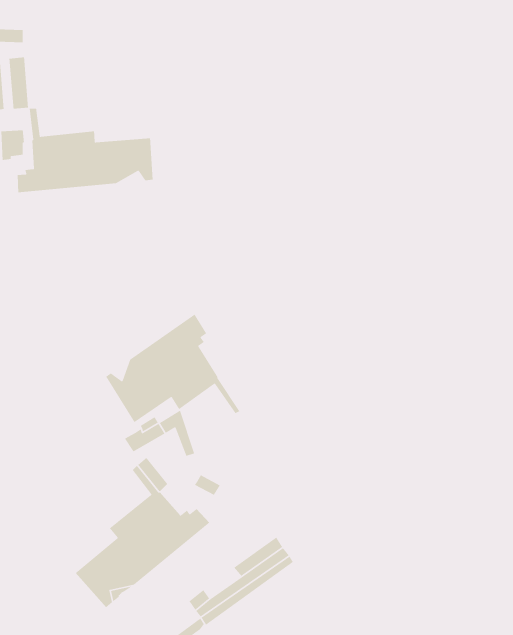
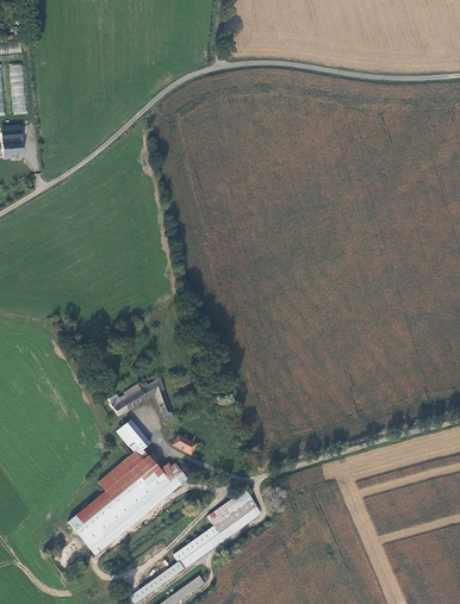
building: [17,108,153,193] -> none
building: [105,313,241,423] -> none

